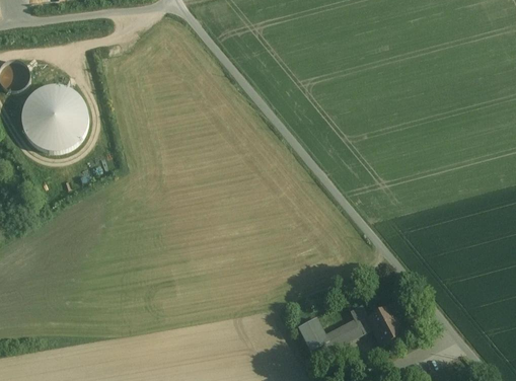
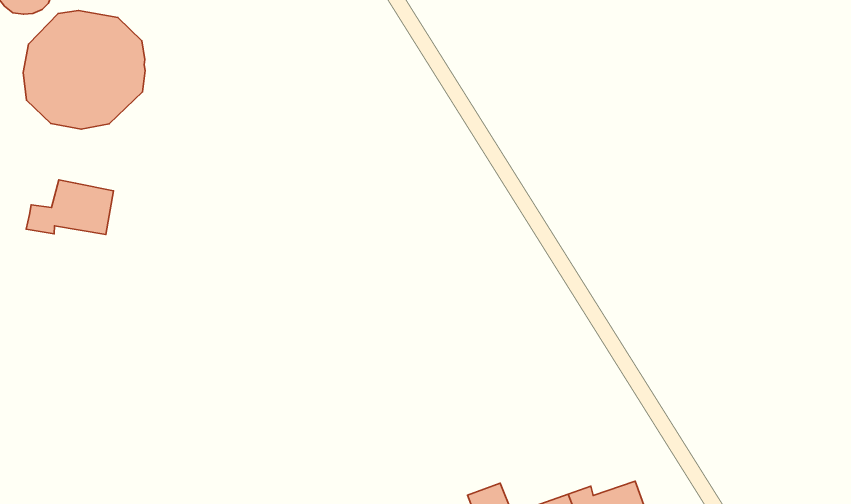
building: none -> [26,180,114,235]

